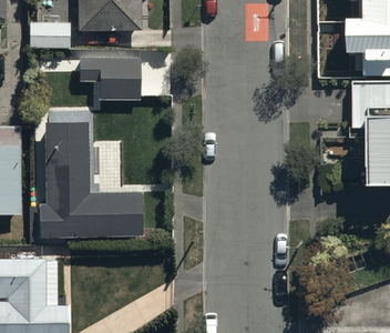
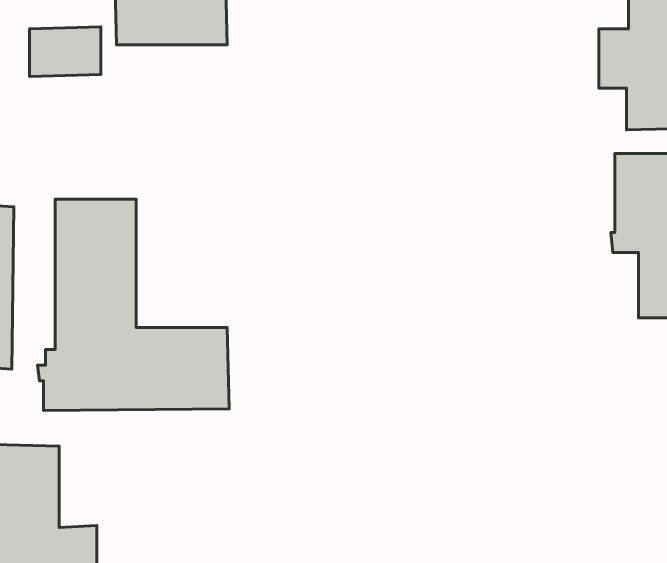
building: [78,57,140,103] -> none

